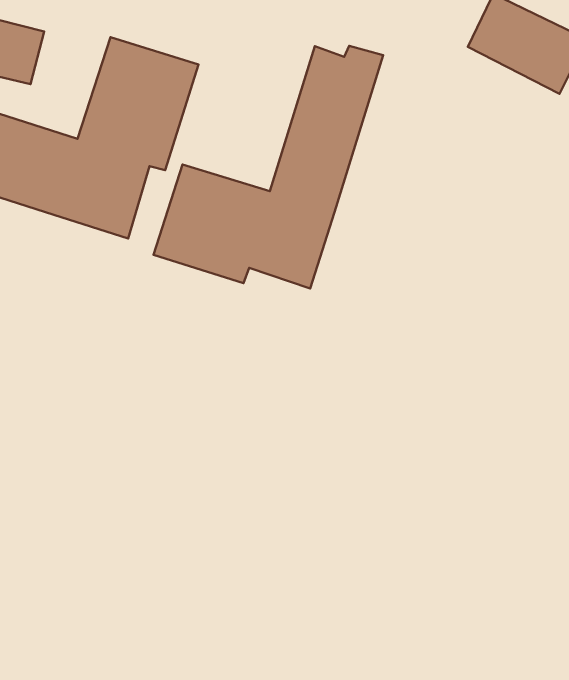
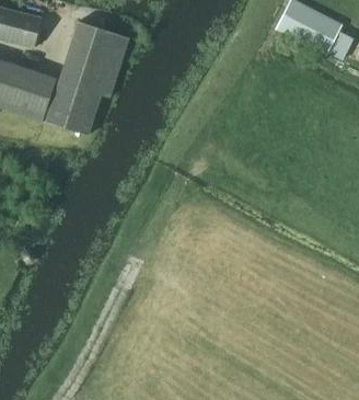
building: [154,46,383,288] -> none

